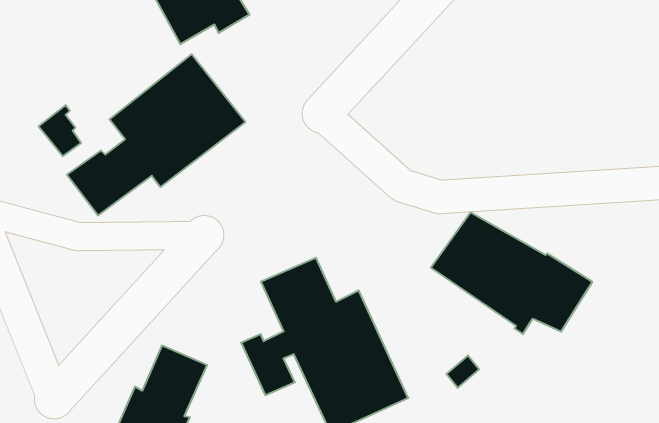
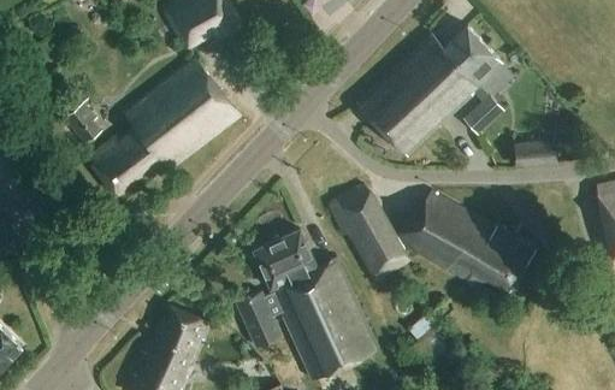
building: none -> [359,26,505,156]
building: none -> [515,142,557,166]
building: none -> [331,185,410,282]

